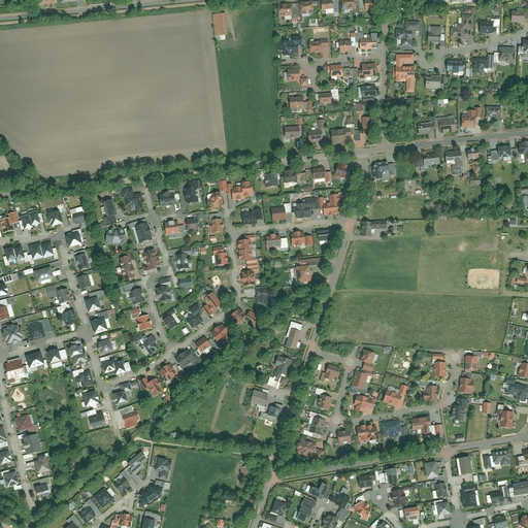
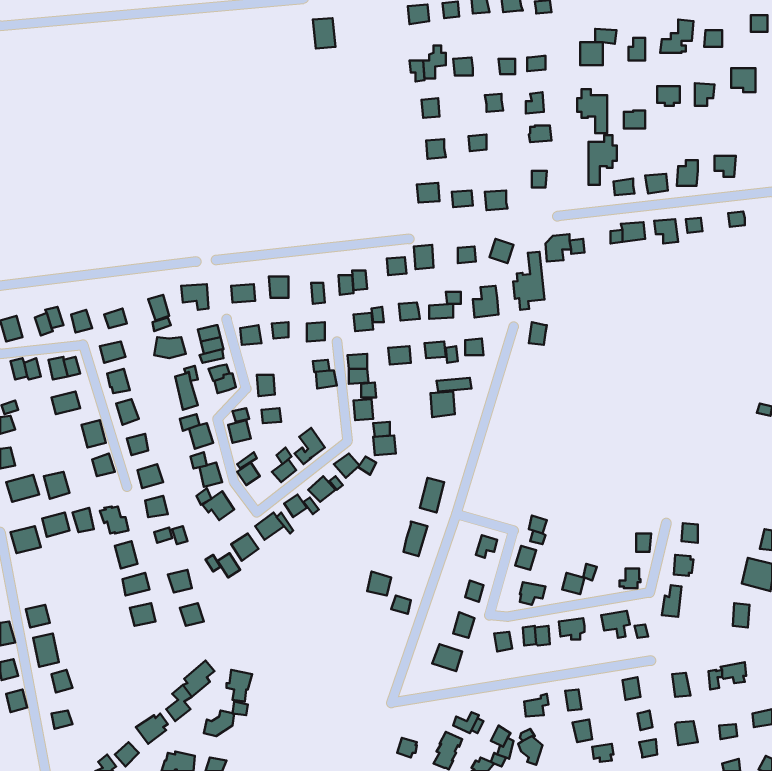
building: none -> [589,135,617,185]
building: none -> [513,252,544,310]

